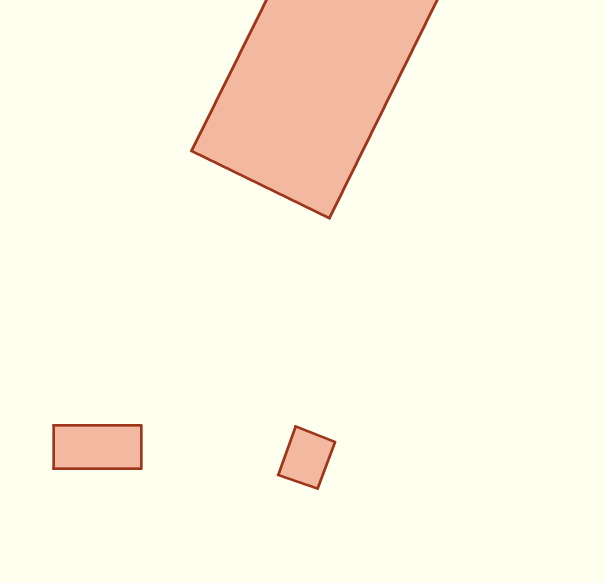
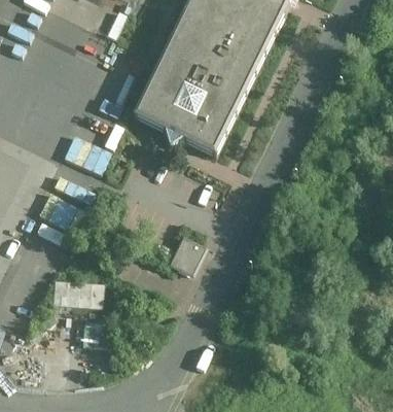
building: [278,426,335,489] -> [168,236,202,273]

